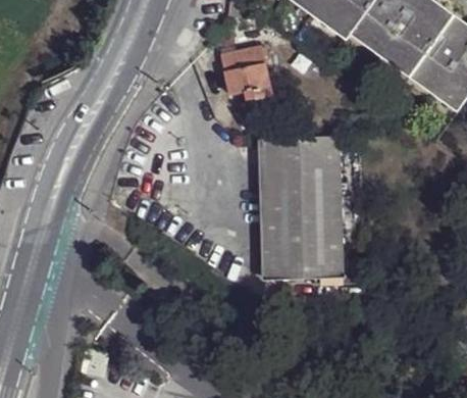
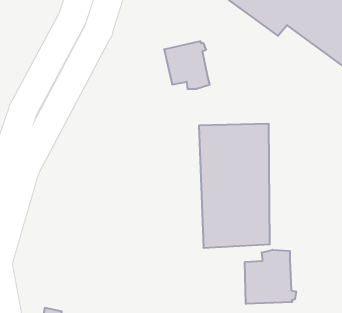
building: none -> [245,250,296,304]

